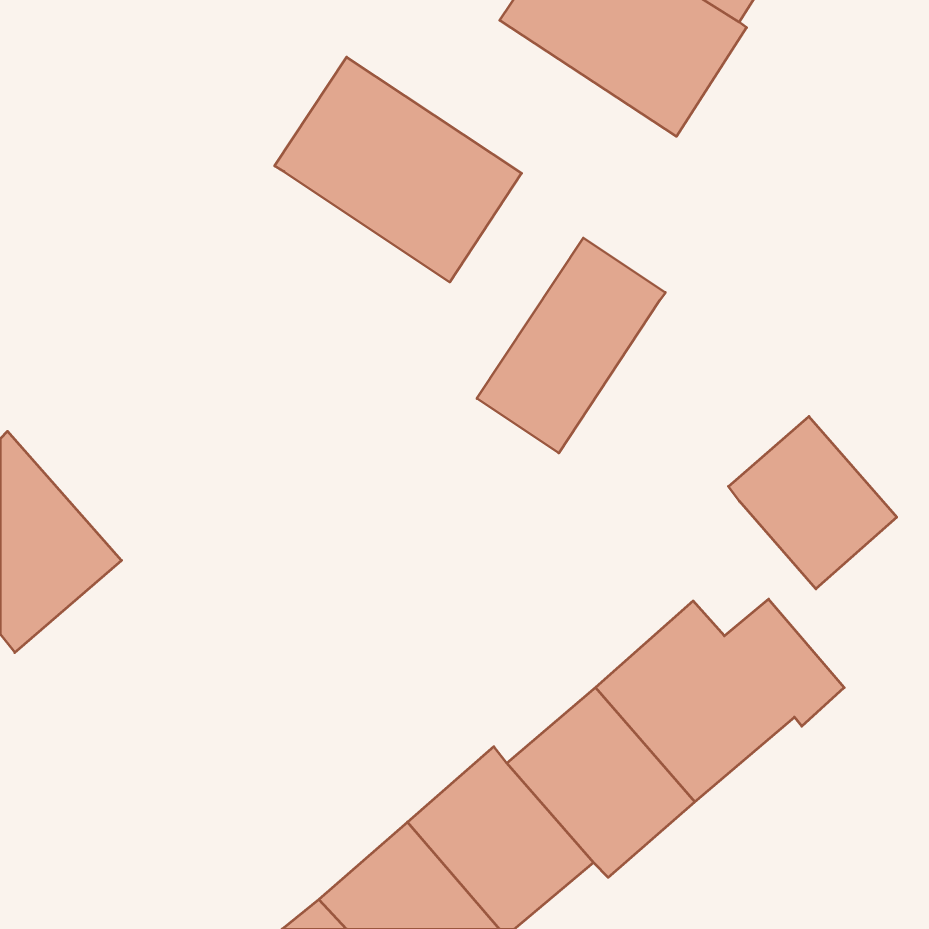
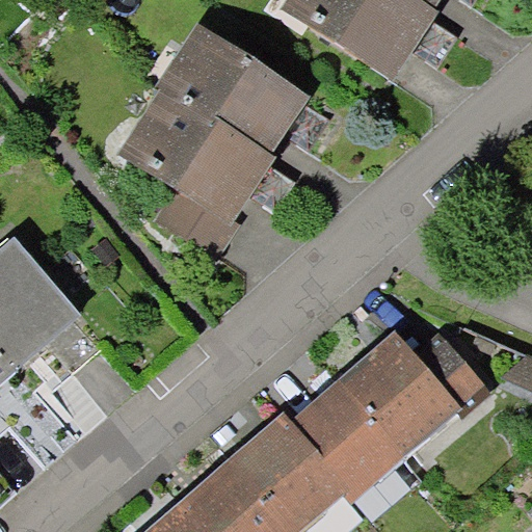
building: none -> [127,97,266,252]
building: [477,238,665,453] -> none
building: [728,416,897,589] -> none

